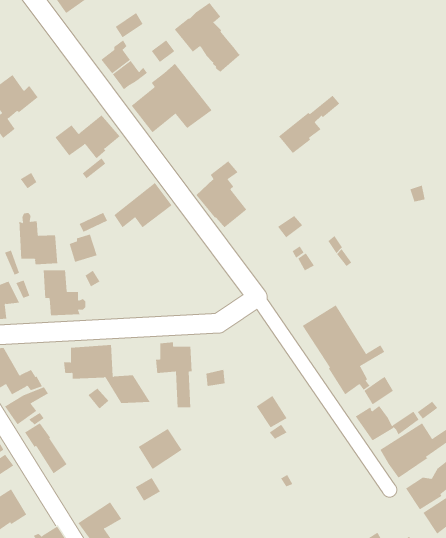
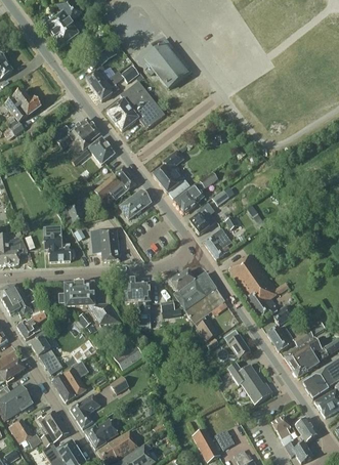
building: [278,95,340,154] -> [173,171,217,213]
building: none -> [87,136,115,164]
building: [19,212,58,265] -> none
building: none -> [119,188,151,219]
building: none -> [188,203,215,234]
building: none -> [91,228,120,260]
building: none -> [204,228,230,259]
building: none -> [170,270,225,324]
building: none -> [217,330,249,360]
building: none -> [51,362,87,401]
building: none -> [231,364,269,405]

